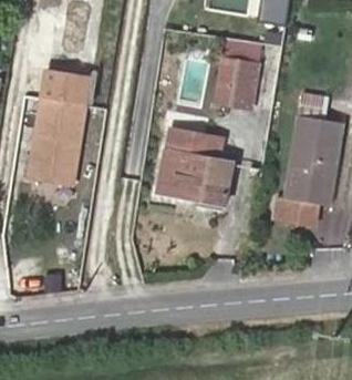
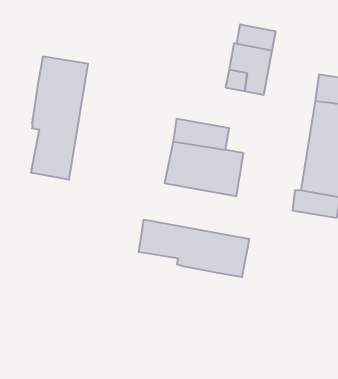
building: none -> [139,220,249,277]

